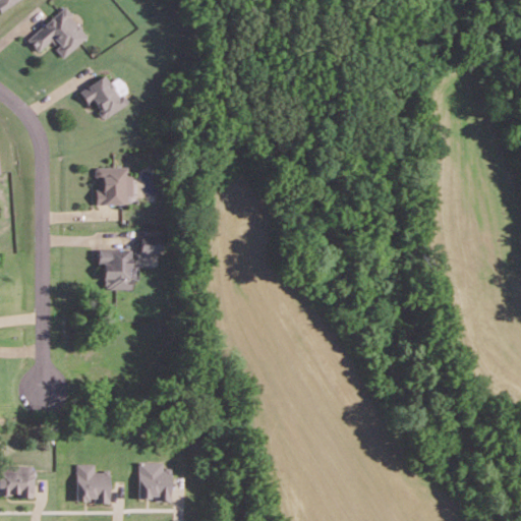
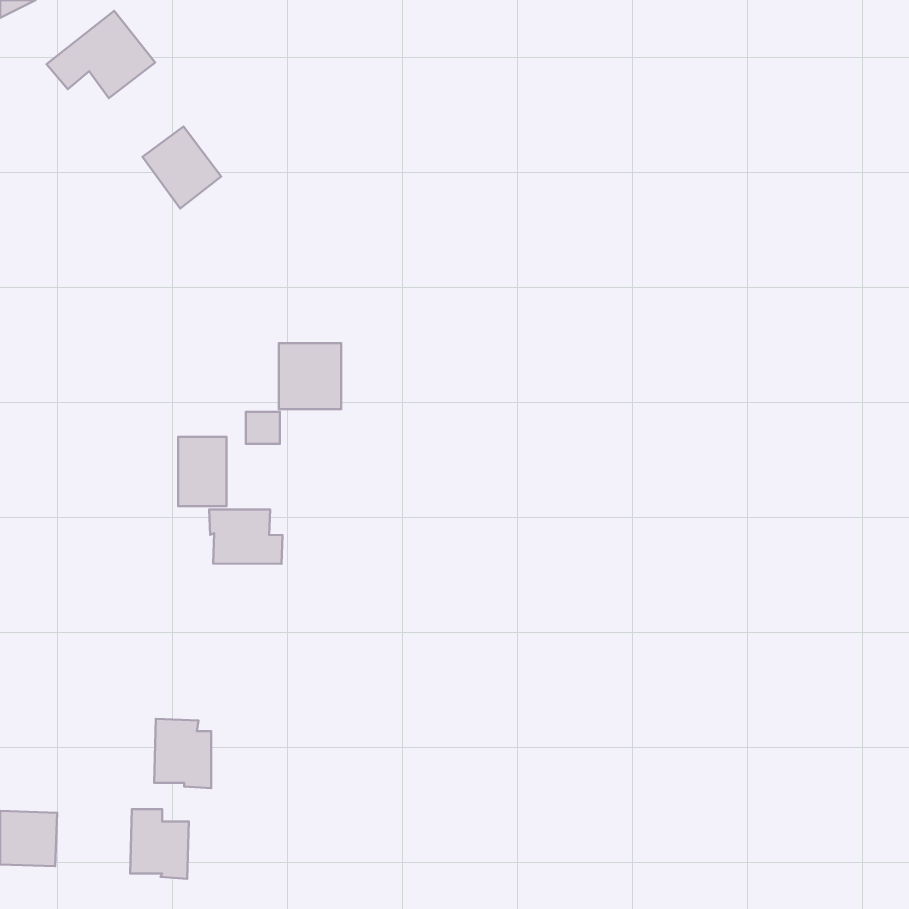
building: [97,167,132,205] -> [279,343,341,409]
building: none -> [209,509,282,564]
building: [137,461,170,501] -> [154,719,211,788]

